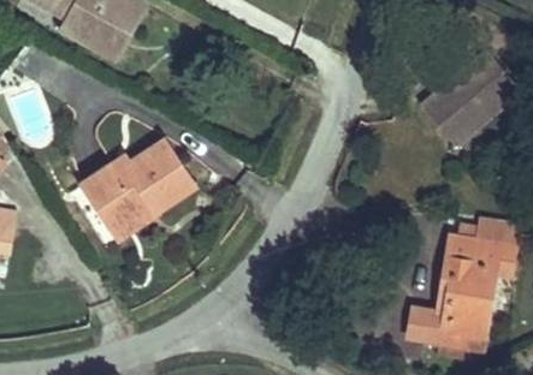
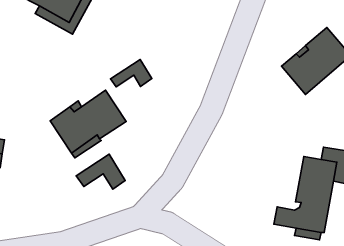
building: none -> [111,59,152,87]
building: none -> [76,154,125,189]

